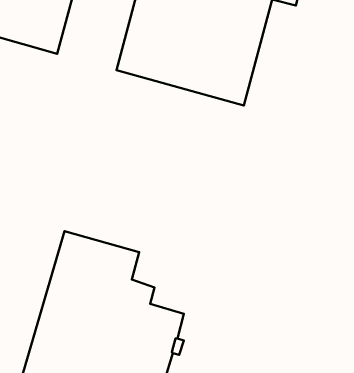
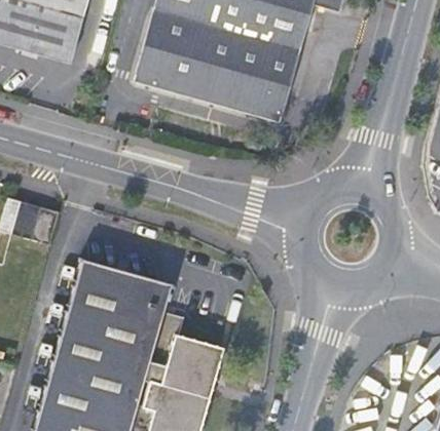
building: none -> [11,196,59,239]

